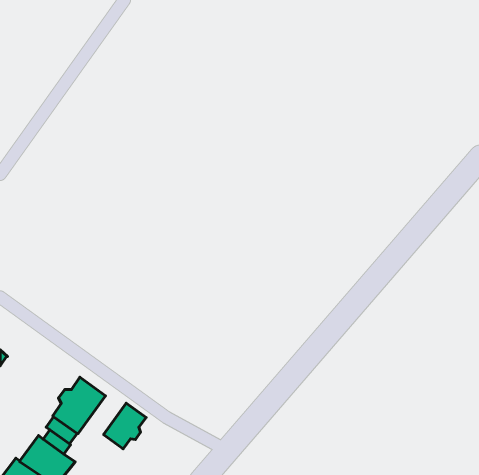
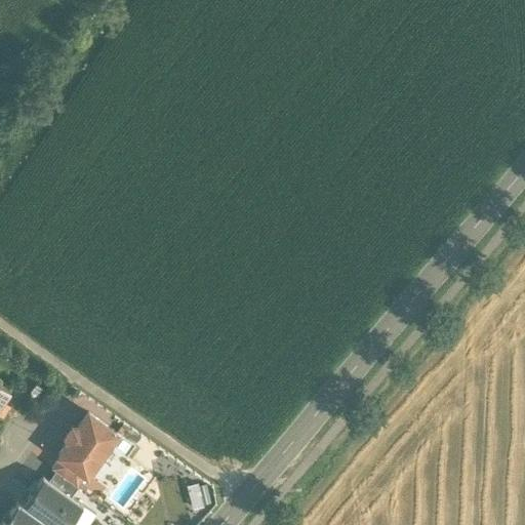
building: [104,403,146,449] -> none

